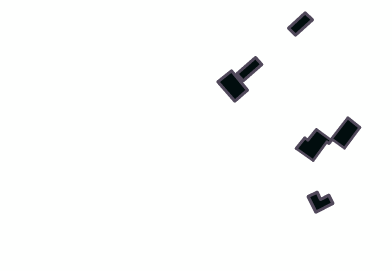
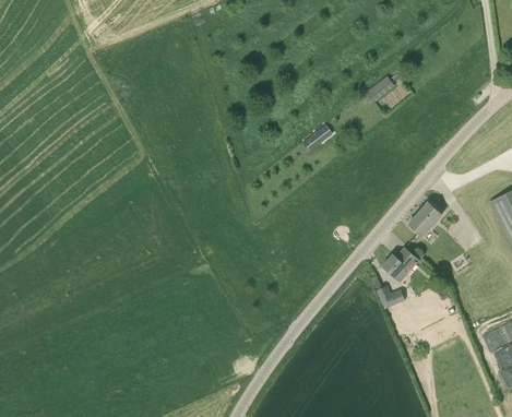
building: [218,71,247,101] -> none
building: [296,129,331,161] -> [382,245,424,281]

